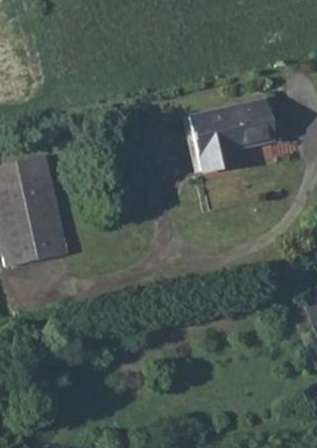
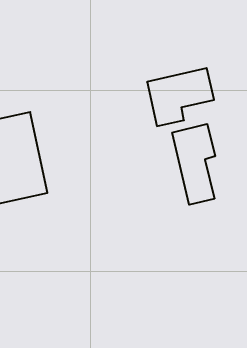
building: none -> [172,124,215,205]

